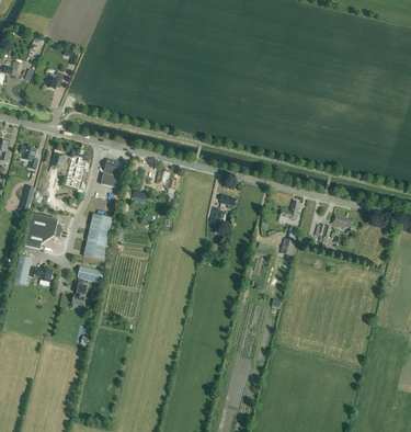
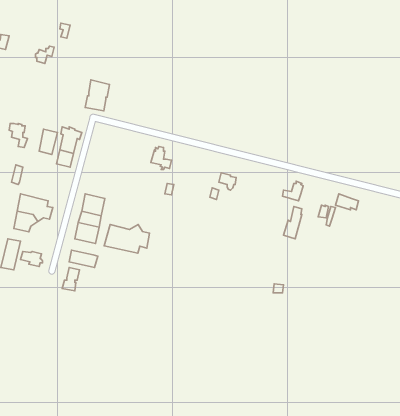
building: [101,158,124,187] -> [85,80,109,111]
building: none -> [104,224,149,253]

